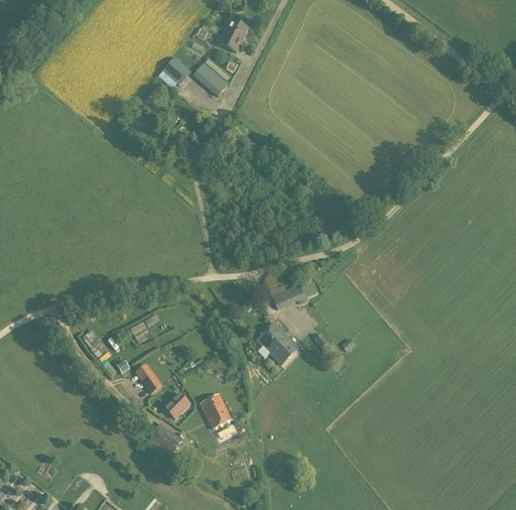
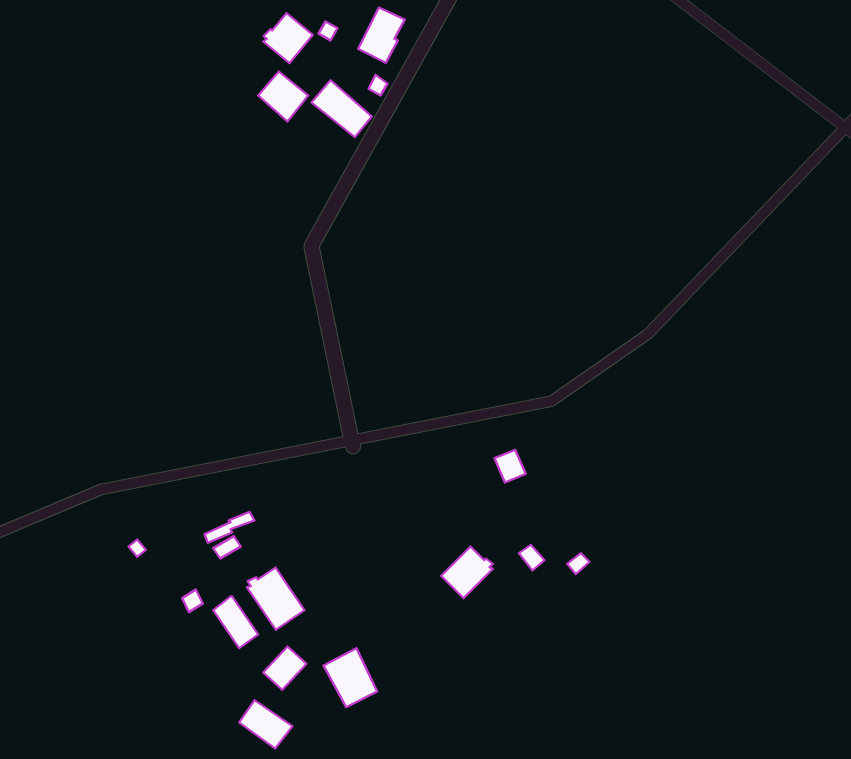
building: none -> [263,13,313,63]
building: [271,283,304,308] -> none
building: [257,322,285,351] -> none
building: none -> [247,568,305,630]

